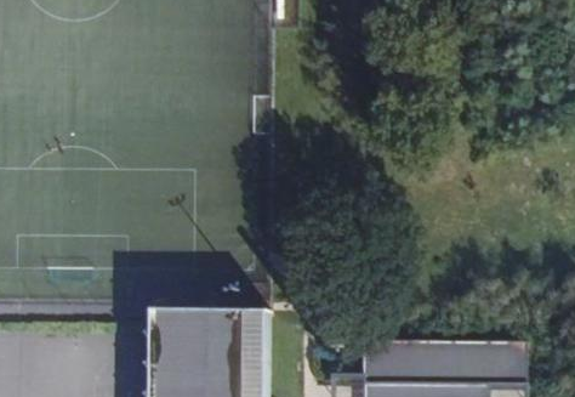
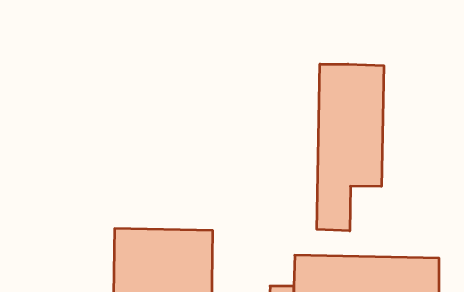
building: none -> [317,64,384,231]

